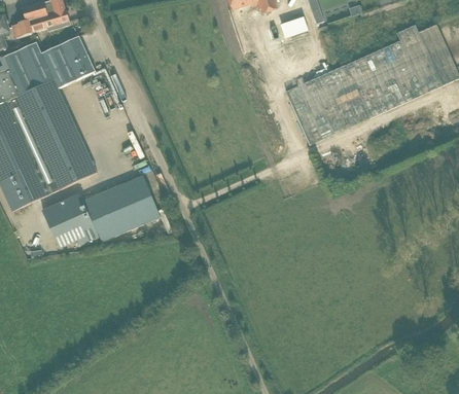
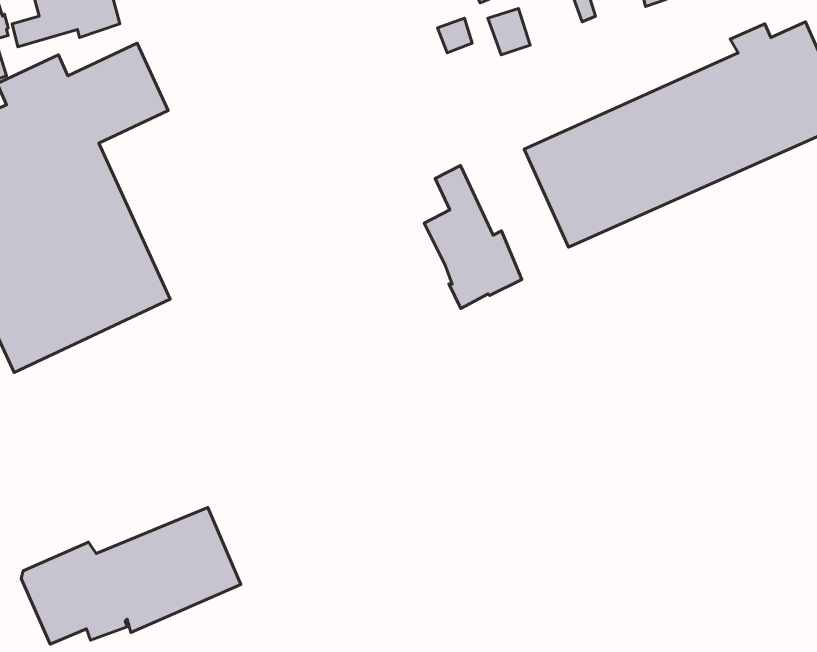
building: none -> [424,165,522,308]
building: [43,174,161,247] -> [21,507,241,644]

